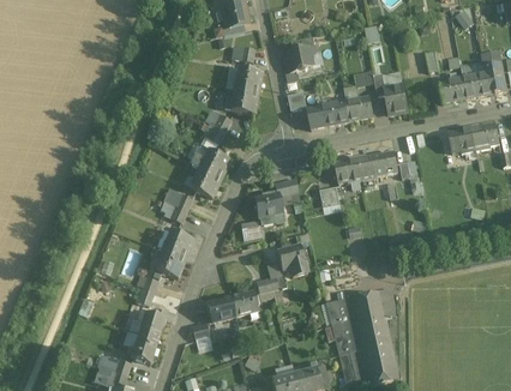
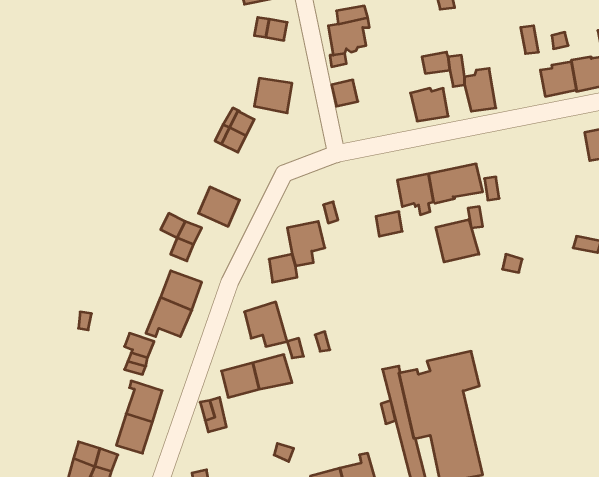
building: [234,67,261,92] -> none
building: [306,100,349,128] -> none
building: [447,128,475,152] -> none
building: [190,144,229,178] -> none
building: none -> [436,219,479,262]
building: [276,243,307,276] -> [244,302,287,346]

